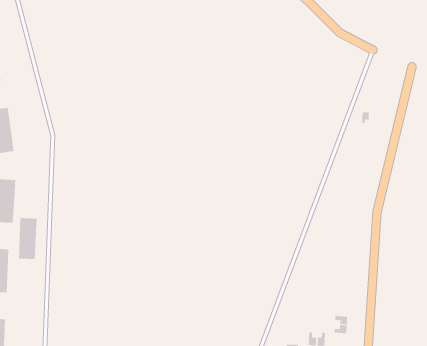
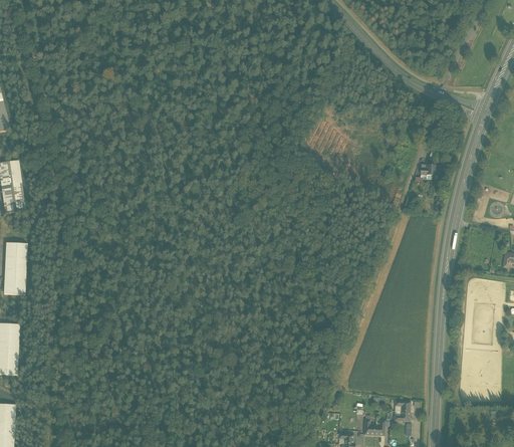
building: [18,217,37,260] -> none

